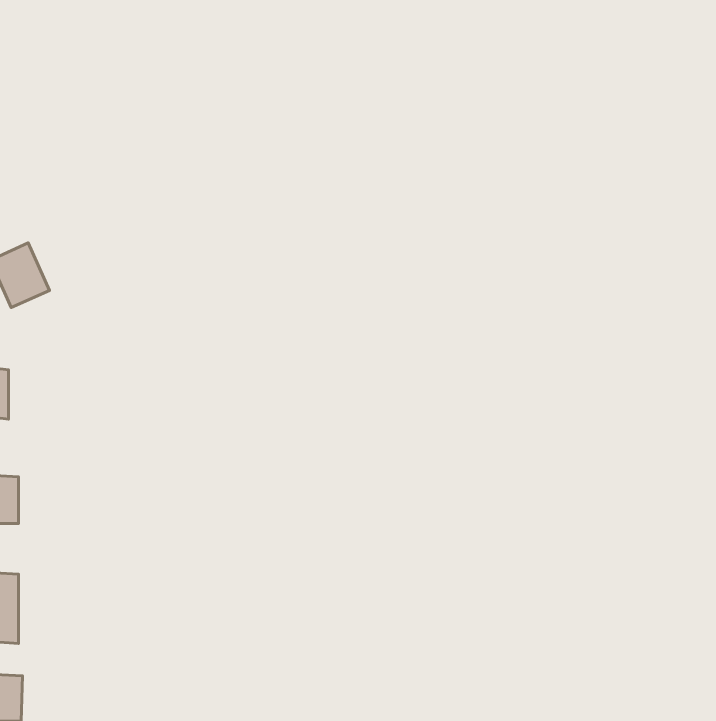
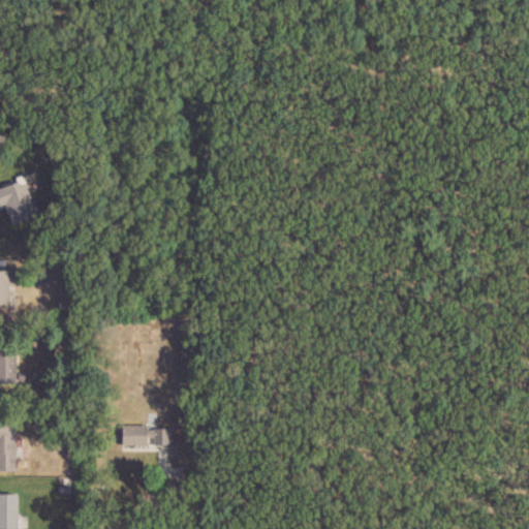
building: none -> [119,428,167,446]

